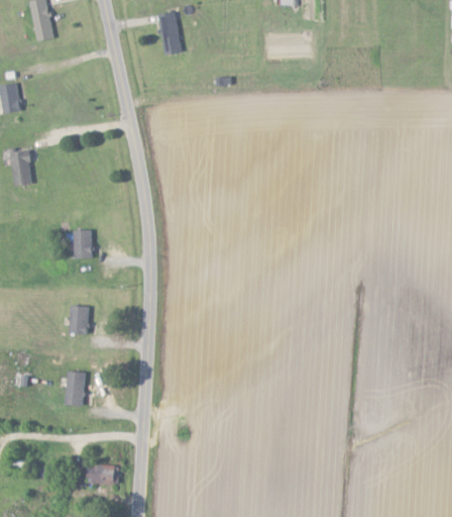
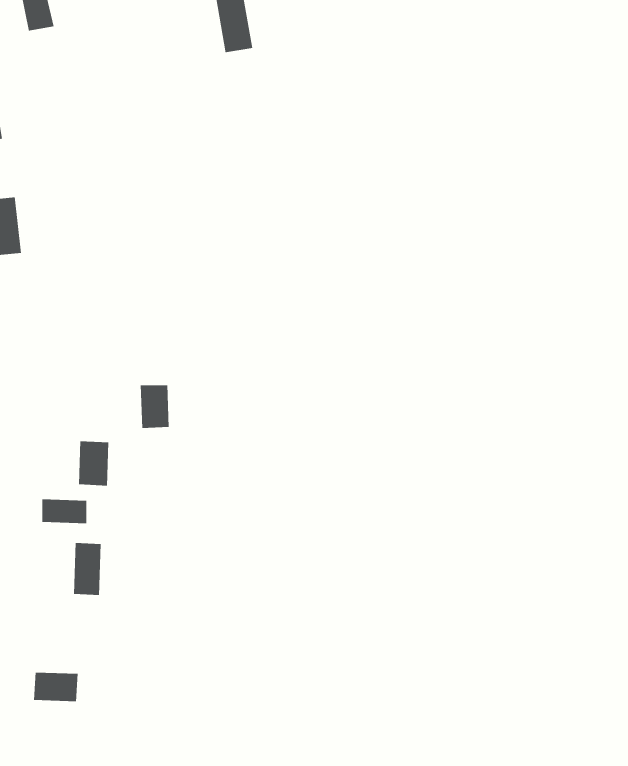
building: [74,229,93,257] -> [140,385,170,429]
building: none -> [42,499,87,524]
building: [88,464,117,484] -> [33,672,79,702]

